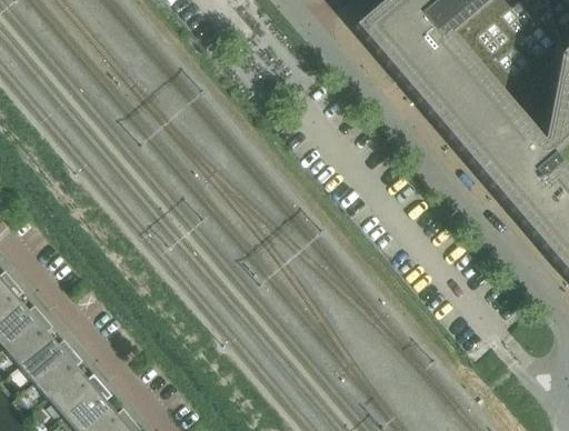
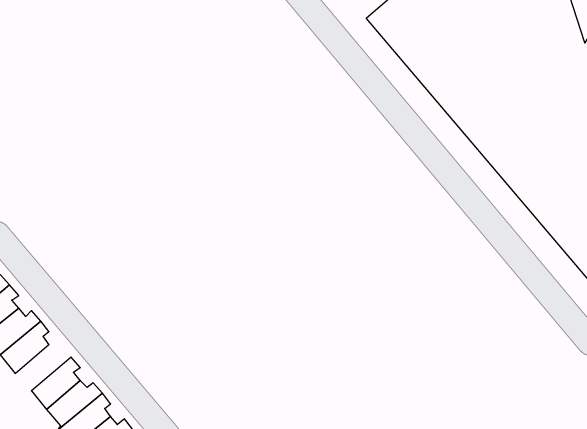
building: [21,334,74,379] -> none

